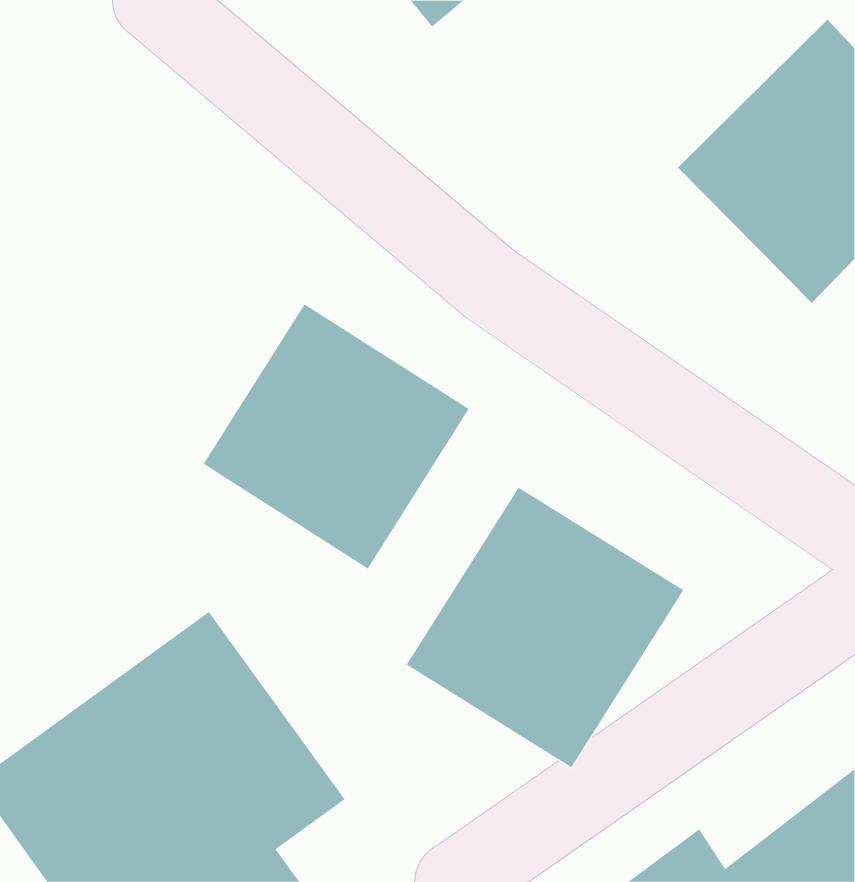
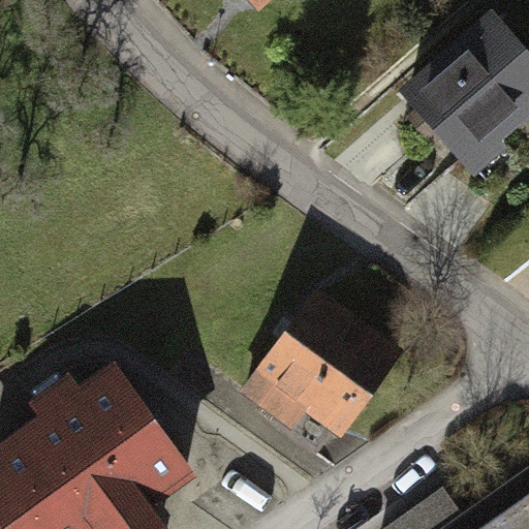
building: [203,303,470,569] -> none

